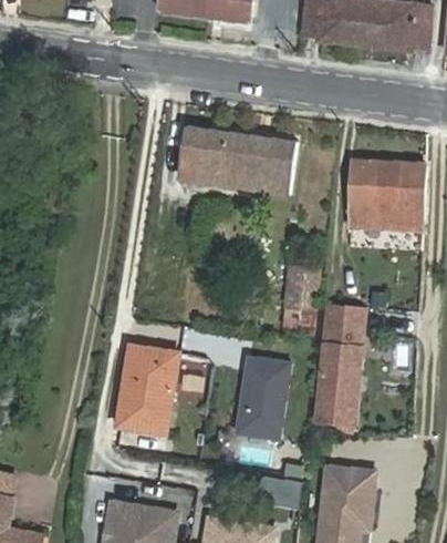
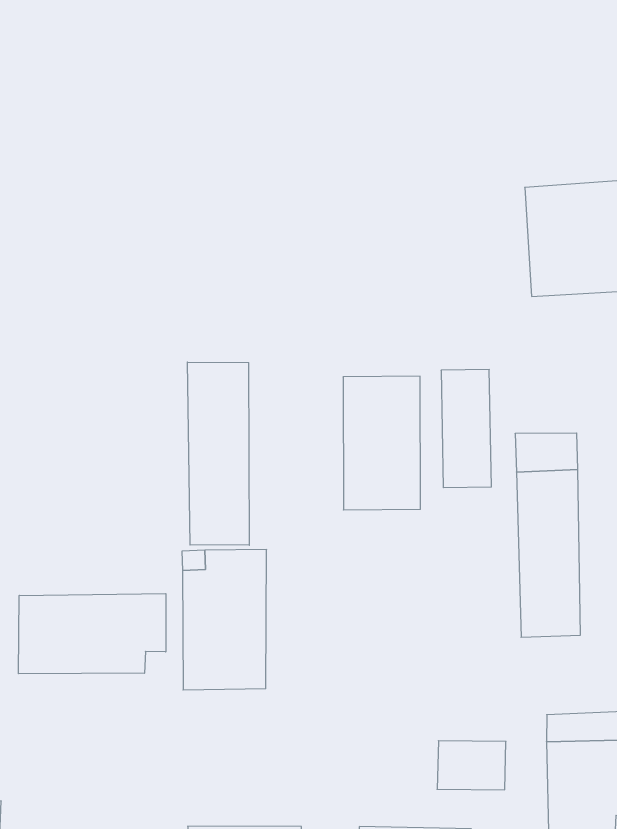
building: [183,125,297,191] -> none
building: none -> [187,362,249,545]
building: [238,351,292,433] -> [343,376,420,510]
building: none -> [18,594,166,674]

